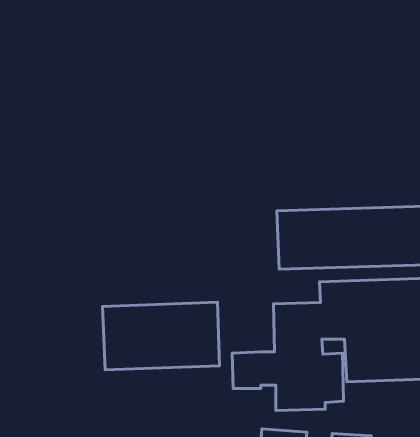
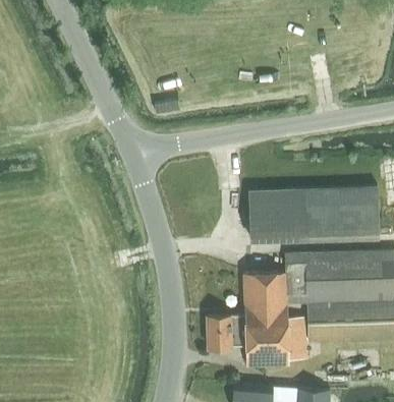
building: [103,302,219,370] -> none

